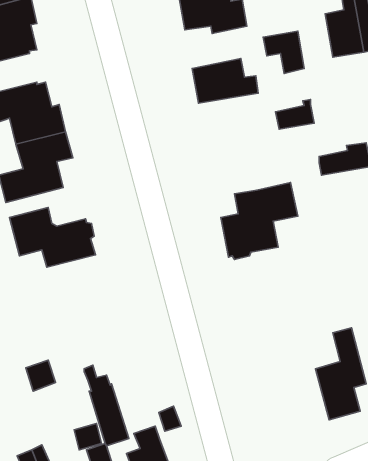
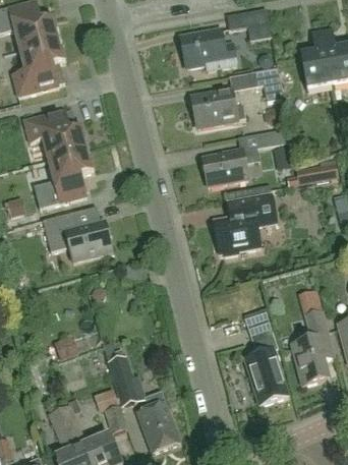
building: none -> [201,148,247,185]
building: none -> [245,312,288,405]

